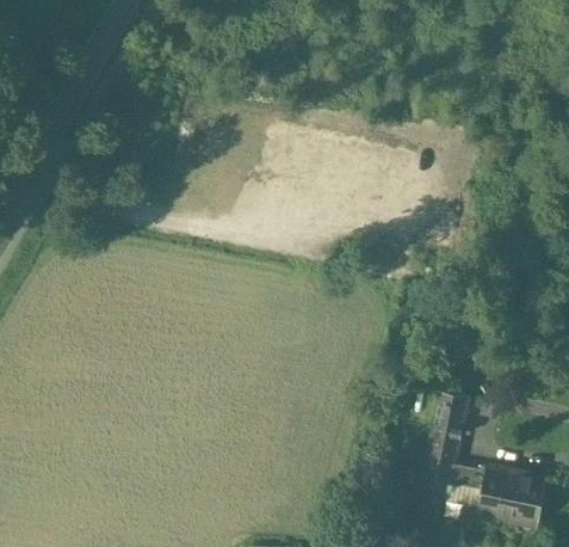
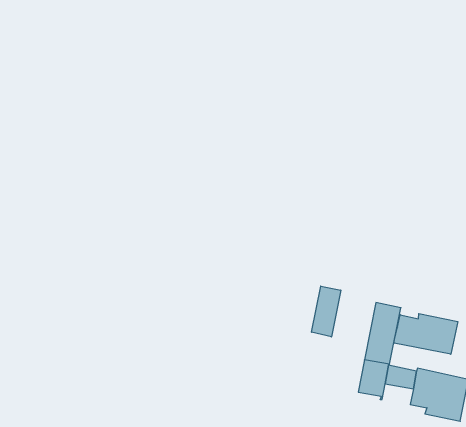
building: none -> [312,286,341,337]
building: none -> [394,314,458,354]

